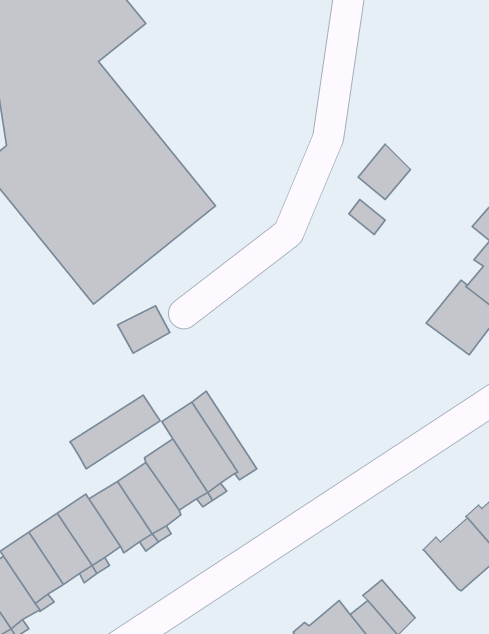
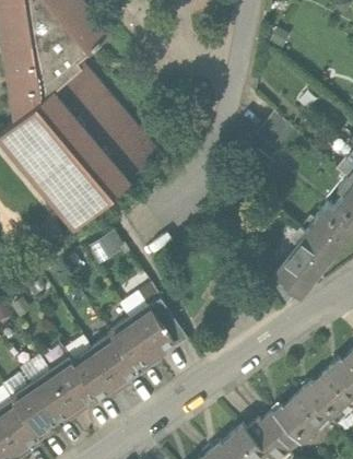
building: none -> [269,237,333,304]
building: [70,395,160,469] -> none
building: none -> [273,395,326,445]

